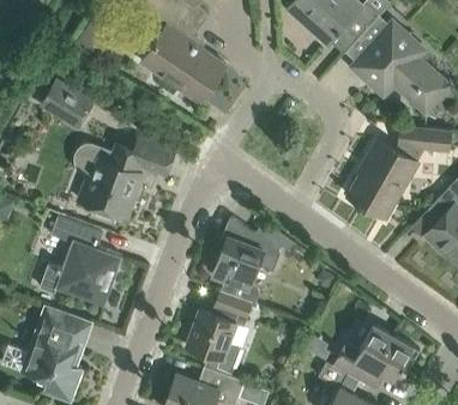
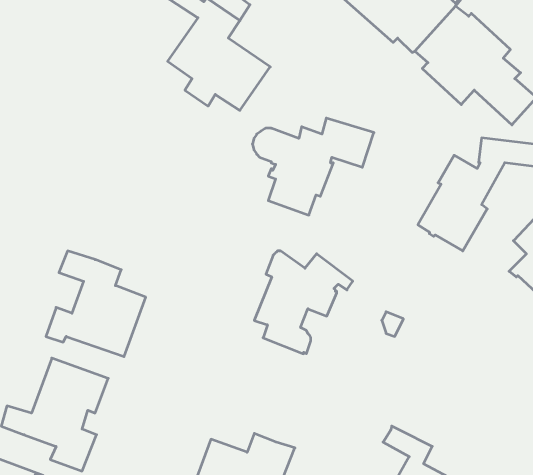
building: [41,81,92,128] -> none
building: [76,137,176,217] -> [252,118,374,215]
building: [186,290,253,376] -> none
building: [333,325,420,388] -> none

